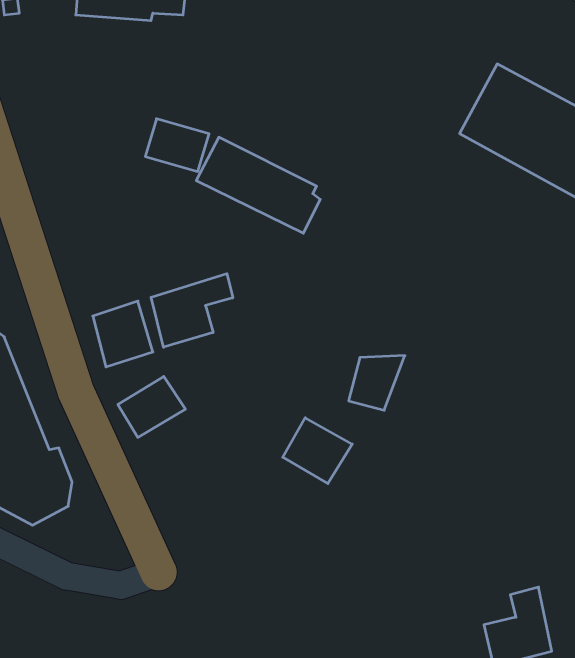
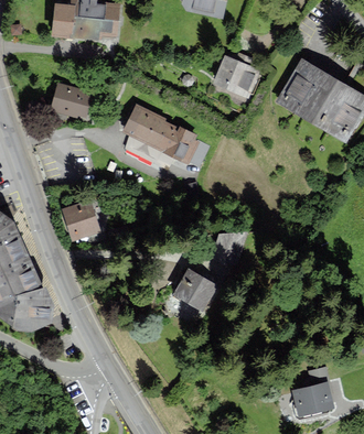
building: none -> [213,55,258,98]
building: [145,119,209,171] -> [53,84,90,115]
building: [151,274,233,347] -> none
building: [118,376,185,437] -> none

